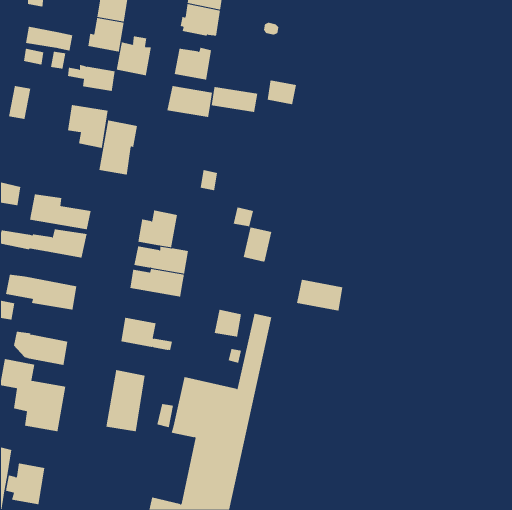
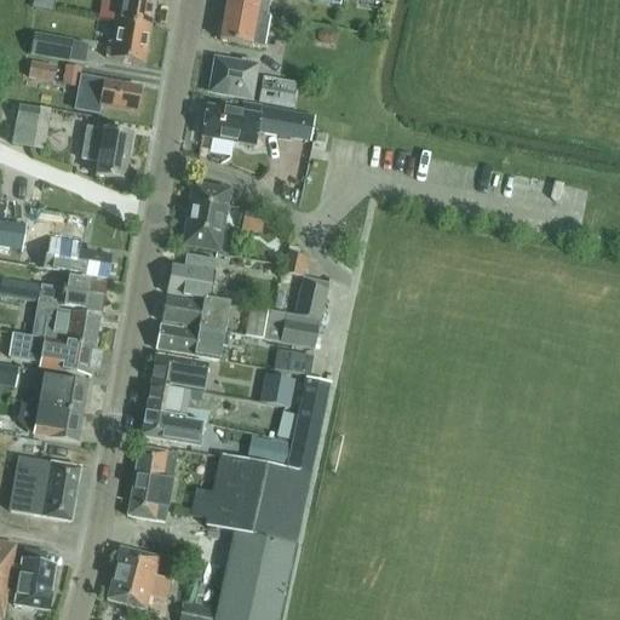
building: [116,36,152,76] -> none
building: [267,80,297,105] -> [259,74,295,104]
building: [99,120,138,175] -> [184,183,231,249]
building: none -> [31,300,101,345]
building: [296,279,343,311] -> [263,309,320,348]
building: none -> [275,348,315,374]
building: none -> [151,354,212,392]
building: none -> [39,373,88,412]
building: none -> [142,412,205,446]
building: none -> [247,435,291,466]
building: none -> [108,546,171,608]

